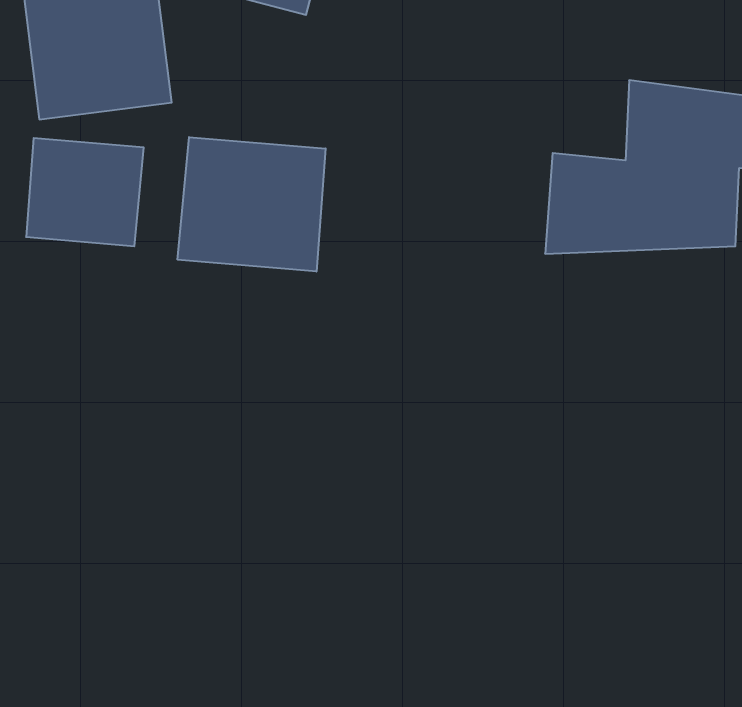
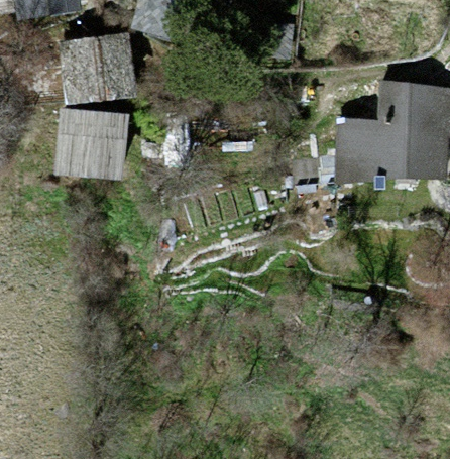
building: [178,137,326,272] -> none

